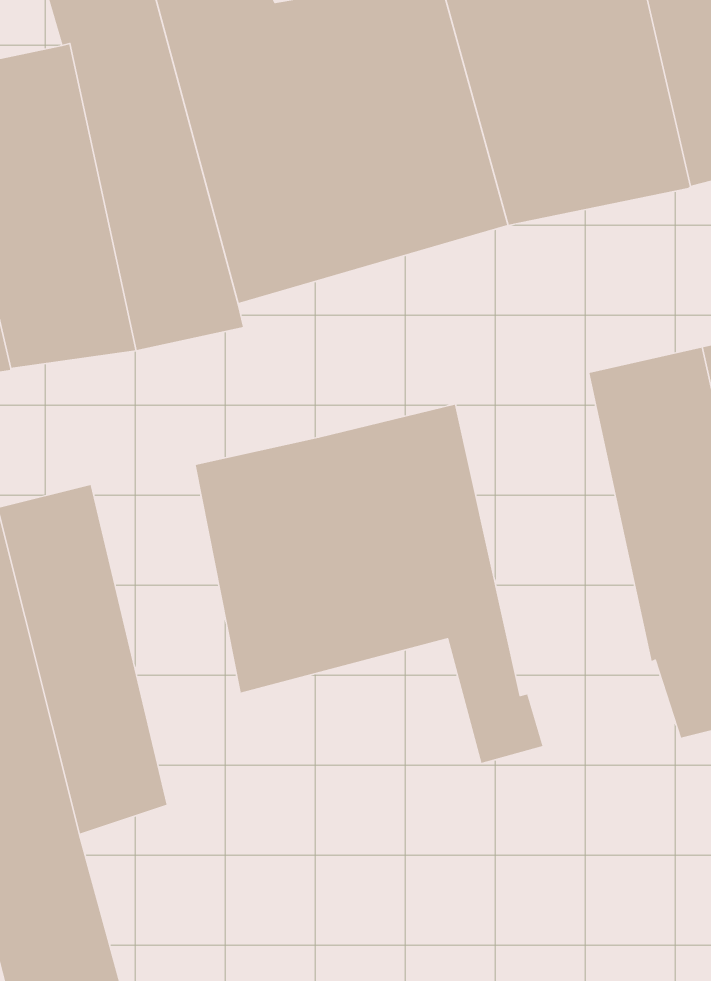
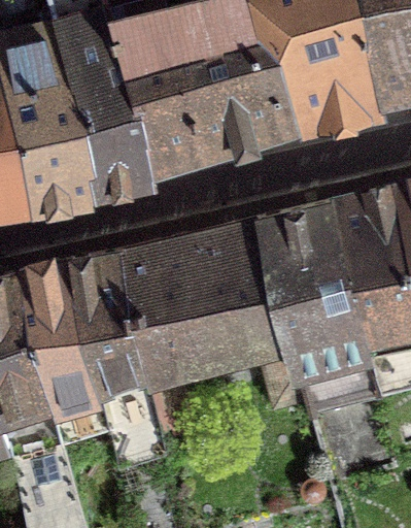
building: none -> [262,204,381,420]
building: none -> [70,253,166,468]

